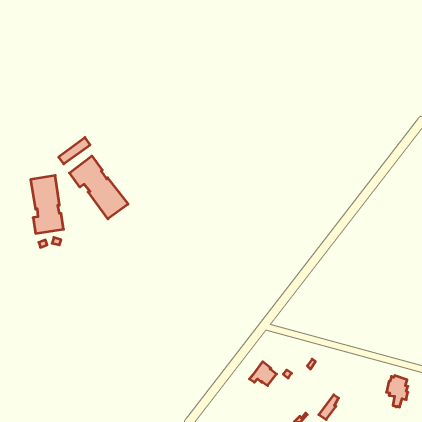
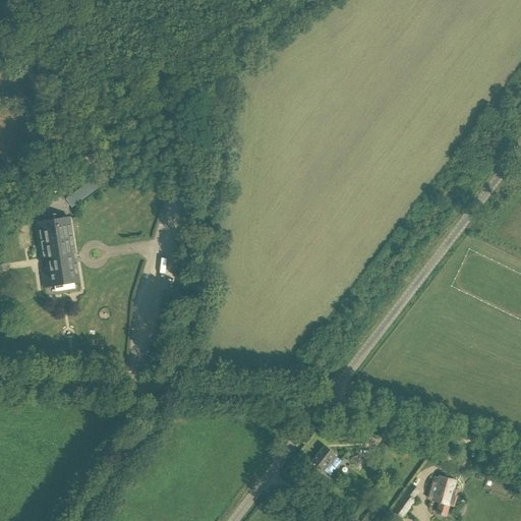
building: [69,156,128,219] -> none
building: [386,376,408,407] -> [429,475,456,514]

